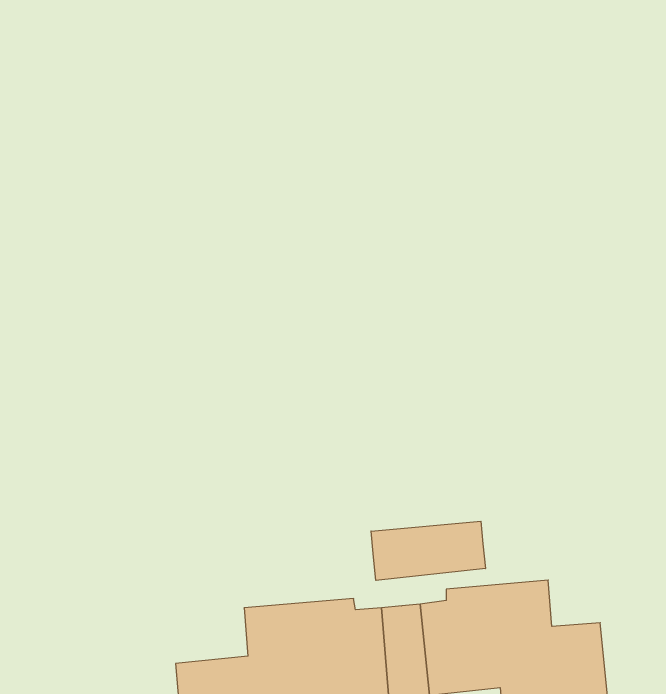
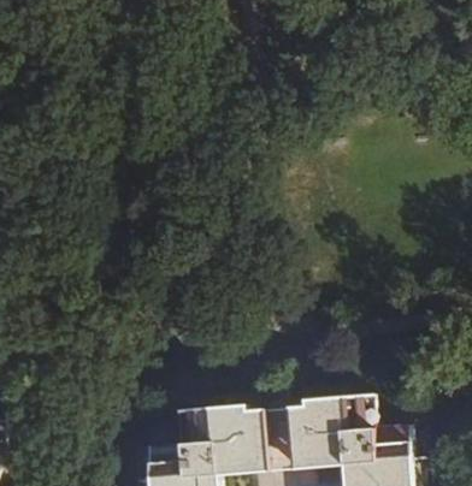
building: [371,521,485,580] -> none

